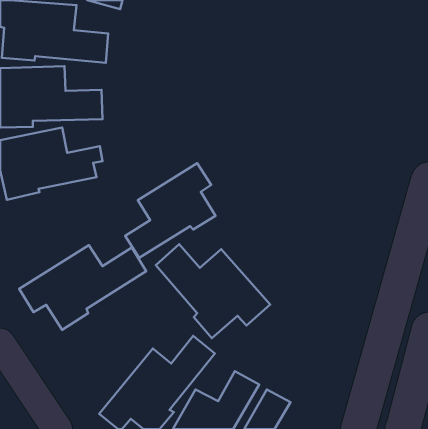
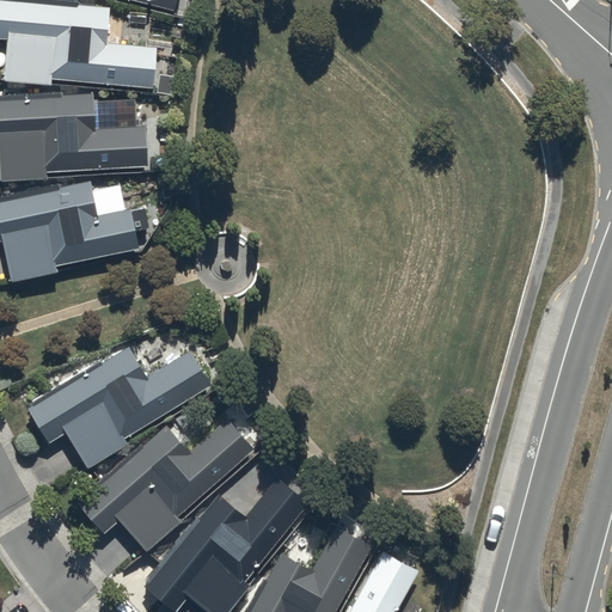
building: [125,163,216,258] -> none
building: [156,244,270,338] -> none
building: none -> [78,421,252,553]

